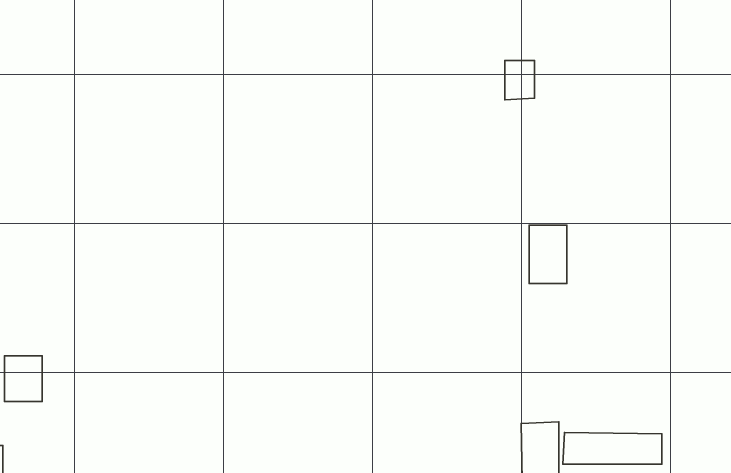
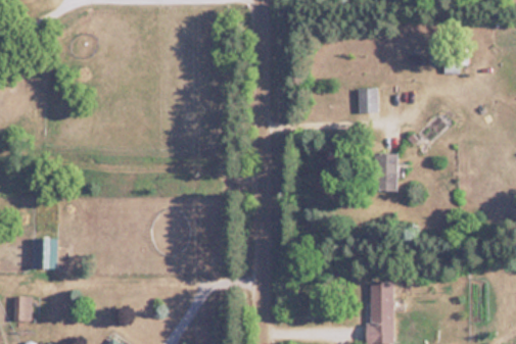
building: [505,61,535,100] -> [359,88,378,113]
building: [563,433,662,464] -> none

